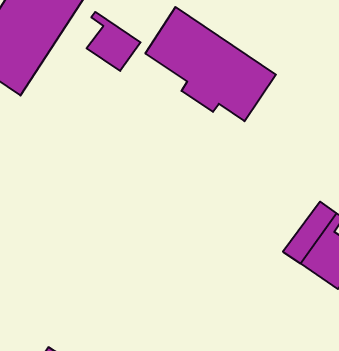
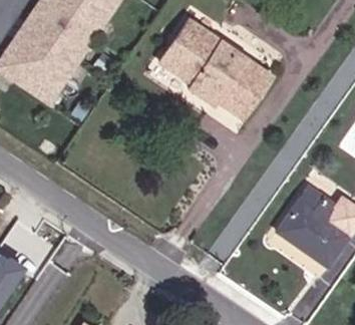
building: [87,12,141,71] -> none

